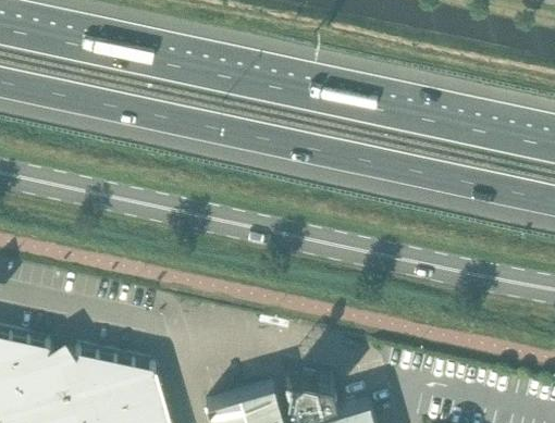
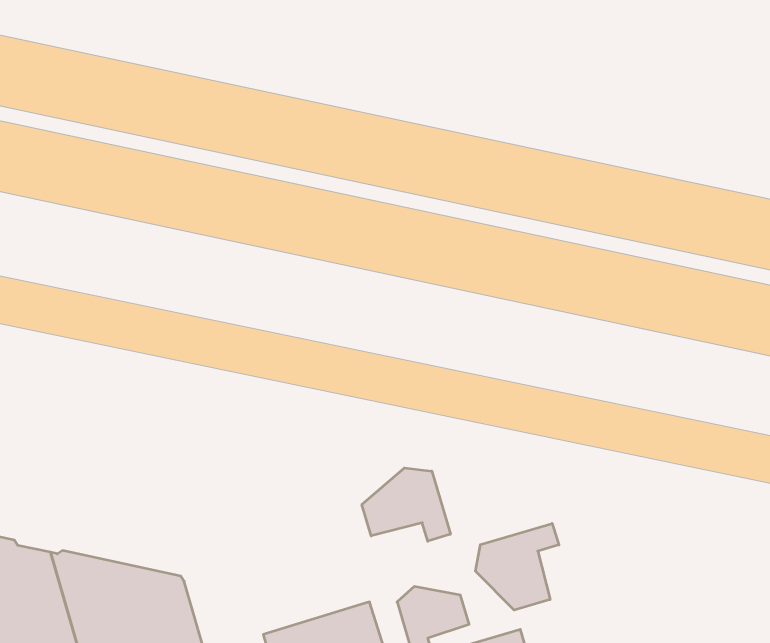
building: none -> [362,468,450,541]
building: none -> [475,523,559,610]

